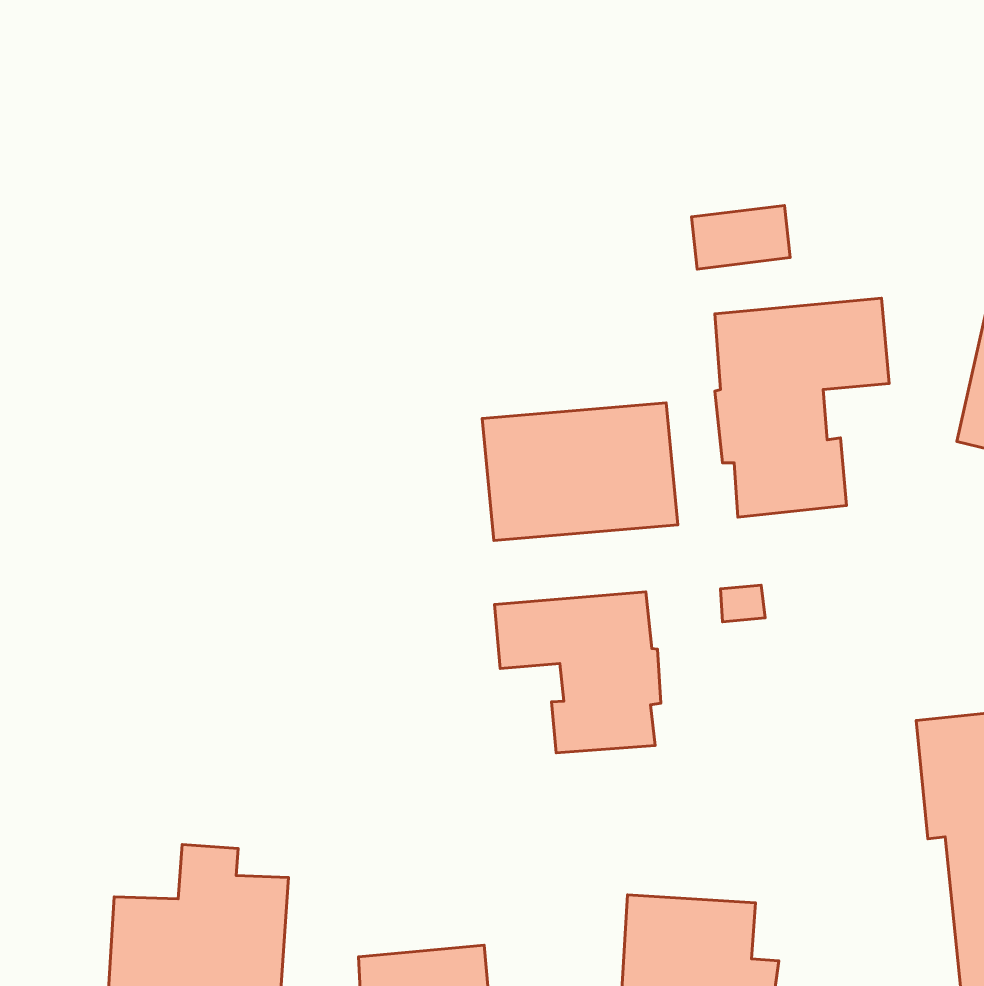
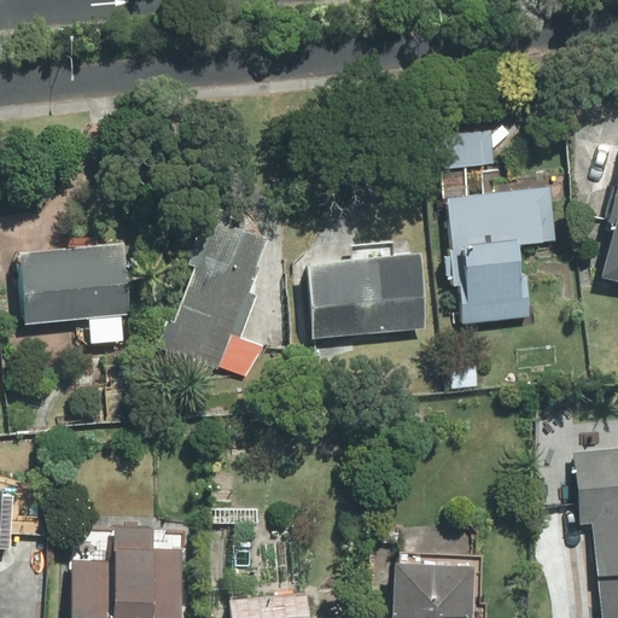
building: none -> [158,205,267,379]
building: none -> [18,243,129,326]
building: [495,592,661,753] -> none

